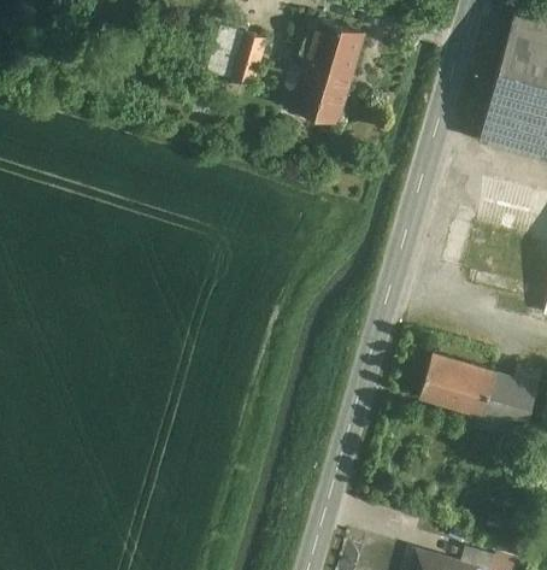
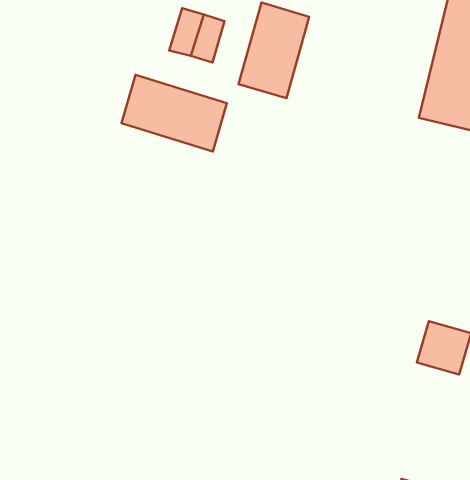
building: none -> [121,75,227,151]
building: [422,354,495,417] -> none

